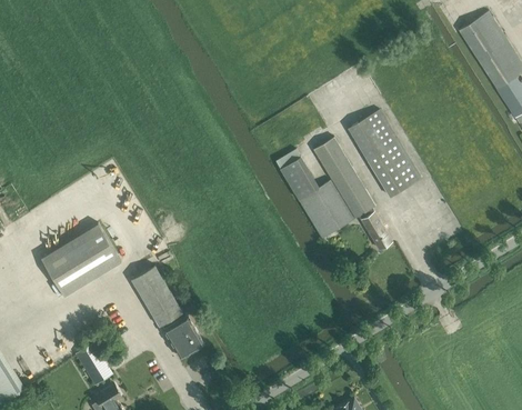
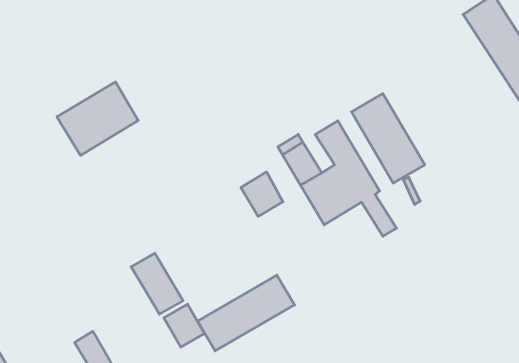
building: none -> [241,172,283,216]
building: [40,224,120,297] -> [57,82,138,155]
building: none -> [197,275,295,351]

